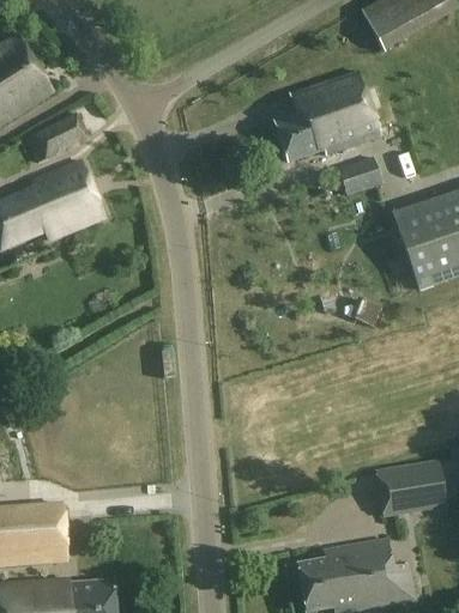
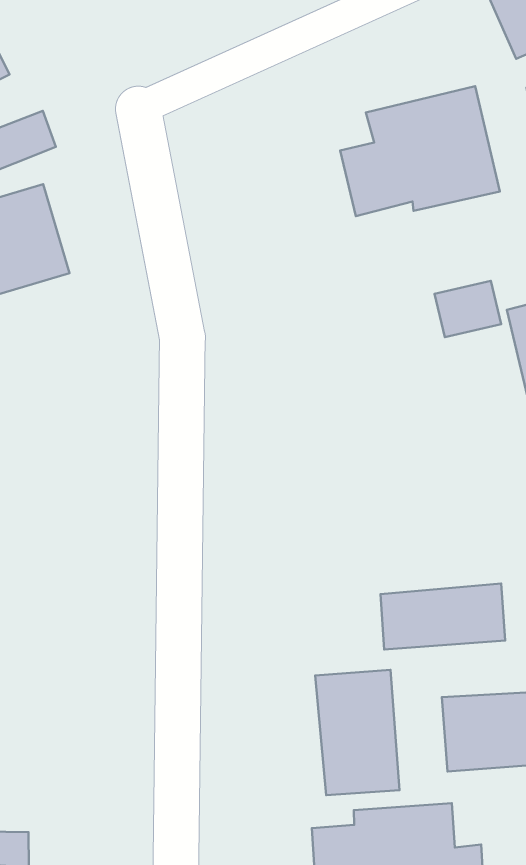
building: [337,157,382,196] -> [434,281,501,337]
building: none -> [380,584,505,650]
building: none -> [315,670,399,795]

